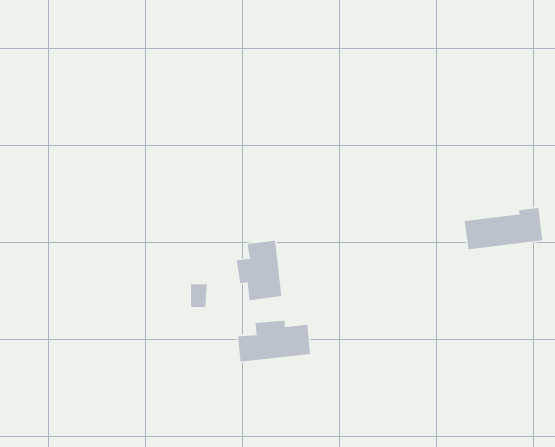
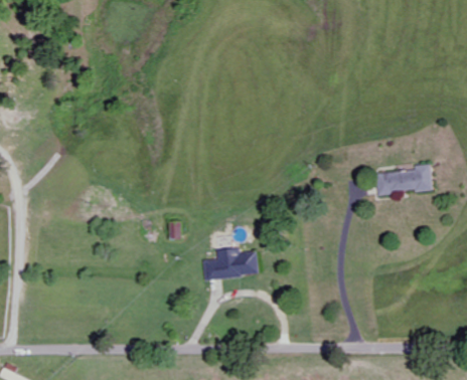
building: [236,240,282,301] -> none

